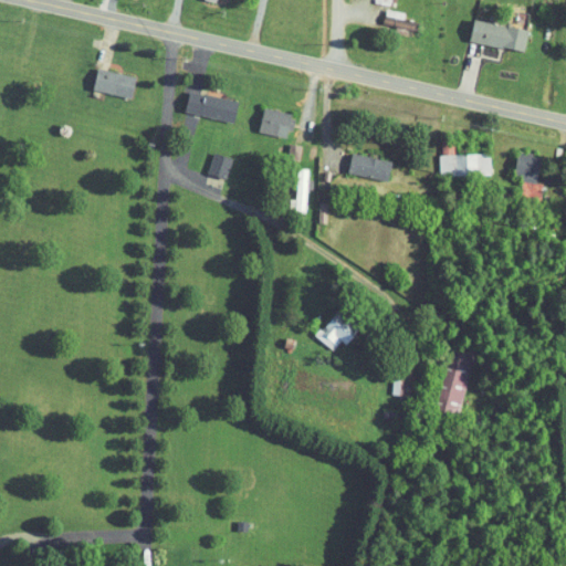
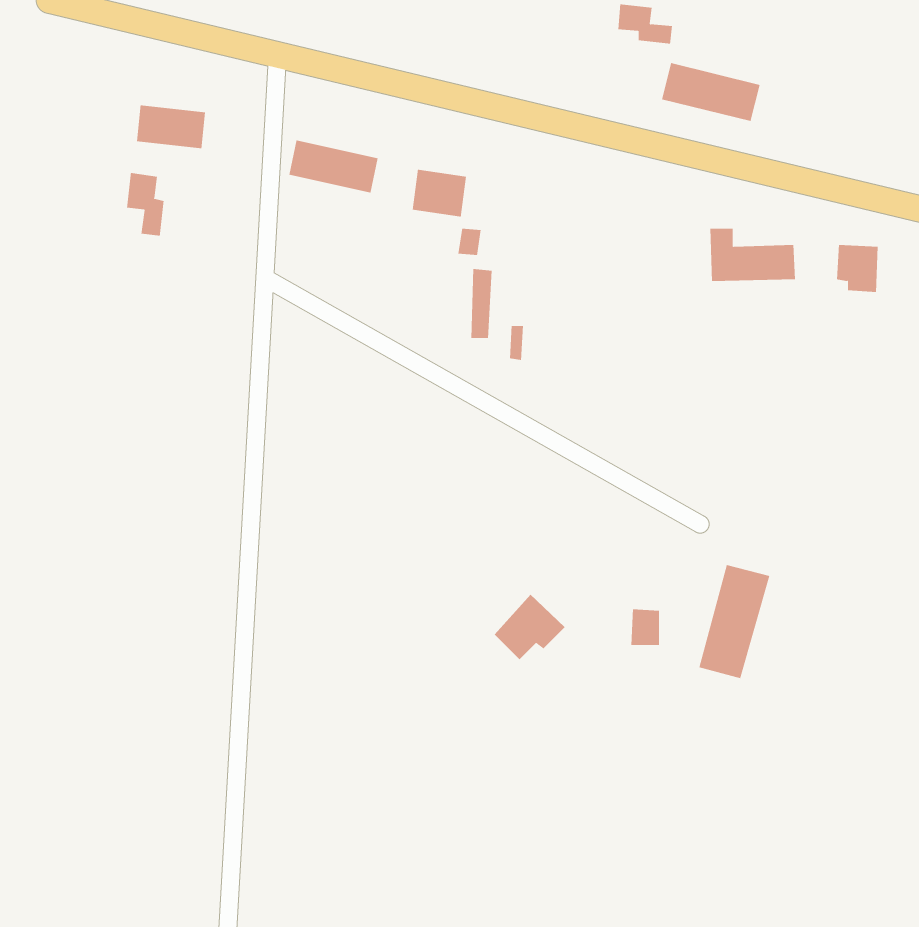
building: [470,19,530,54] -> [661,63,760,121]
building: none -> [126,172,164,237]
building: [207,153,232,180] -> none
building: [348,154,394,182] -> none
building: [316,312,359,352] -> [494,594,565,660]

